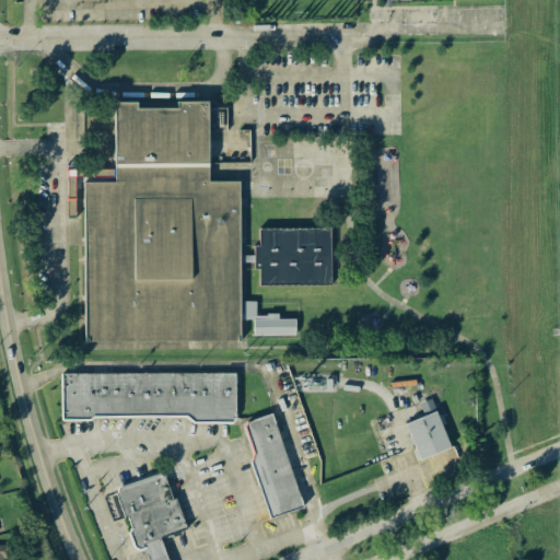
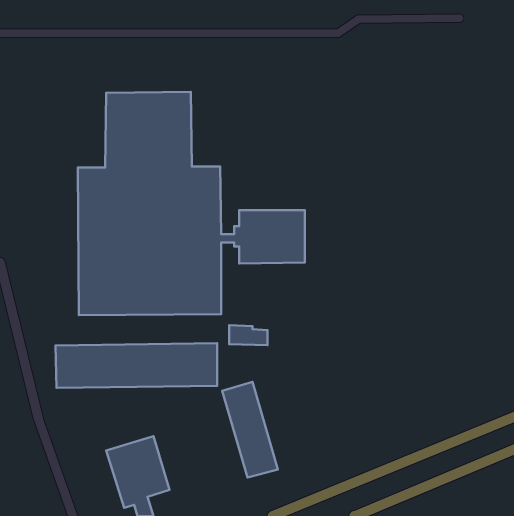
building: [255,314,296,336] -> [229,325,268,345]
building: [407,401,452,459] -> none

